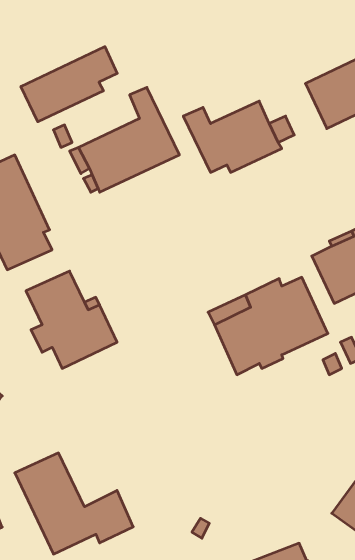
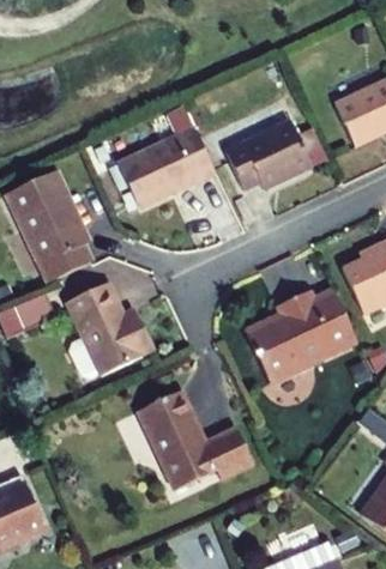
building: [21,47,117,122] -> none
building: [15,453,133,554] -> [138,392,252,489]

